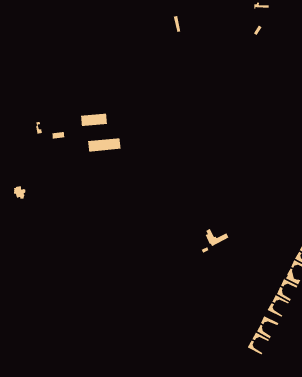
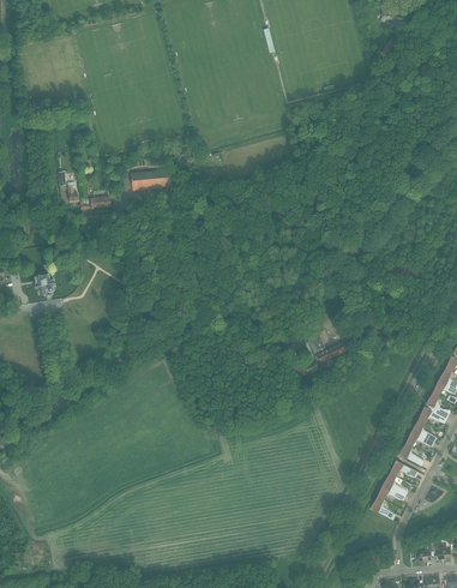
building: [87,137,122,152] -> none

